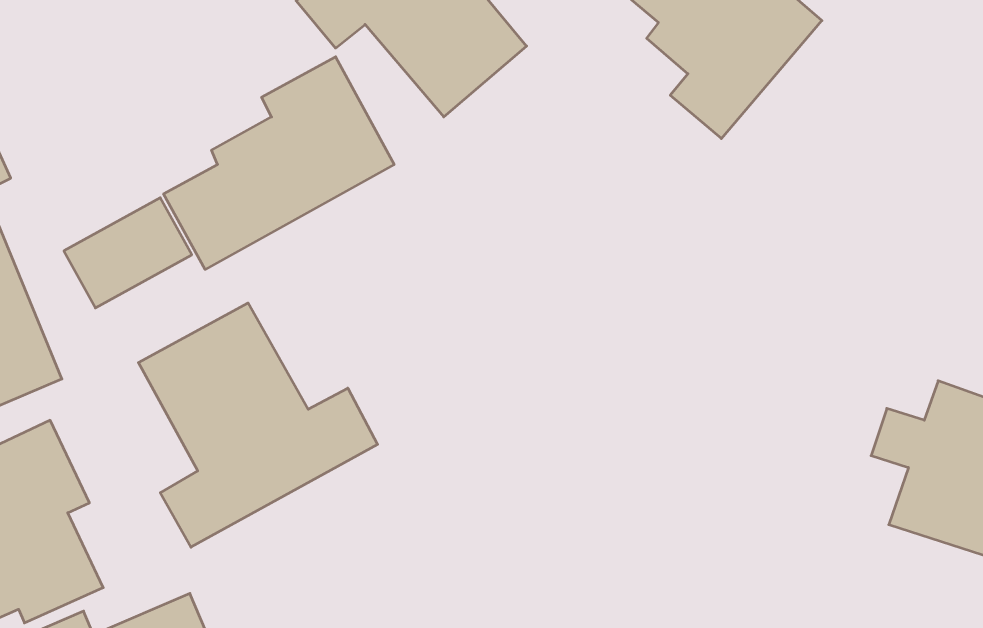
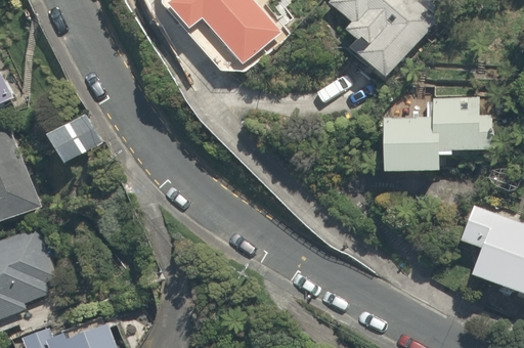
building: [164,57,394,269] -> none
building: none -> [379,95,489,175]
building: [138,303,378,547] -> none

